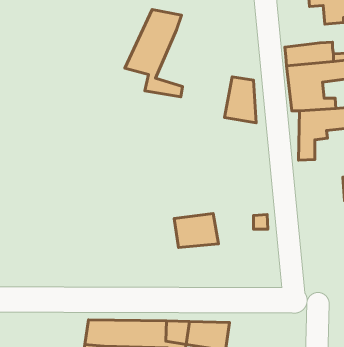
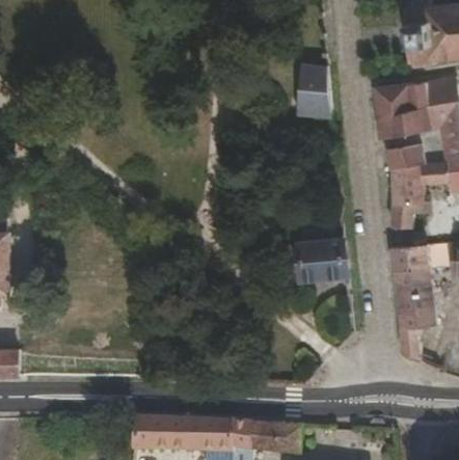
building: [125,9,183,97] -> none
building: [225,77,256,123] -> [298,64,336,120]
building: none -> [390,246,436,357]
building: [174,213,218,247] -> [300,240,354,281]

